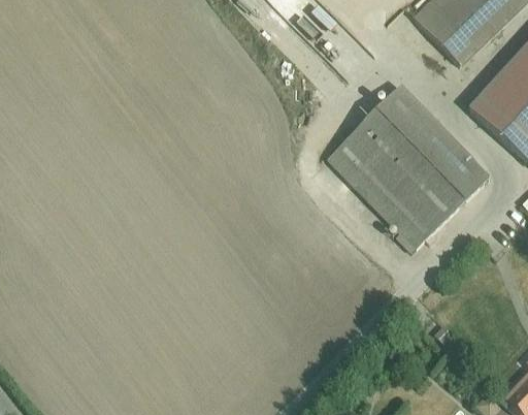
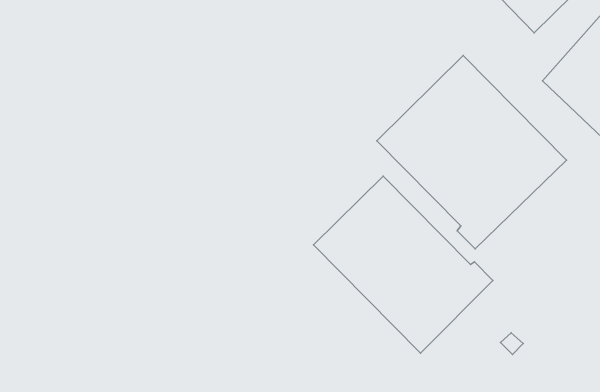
building: none -> [314,176,493,353]

